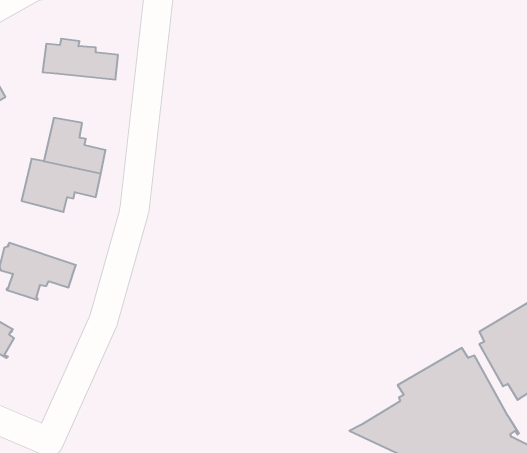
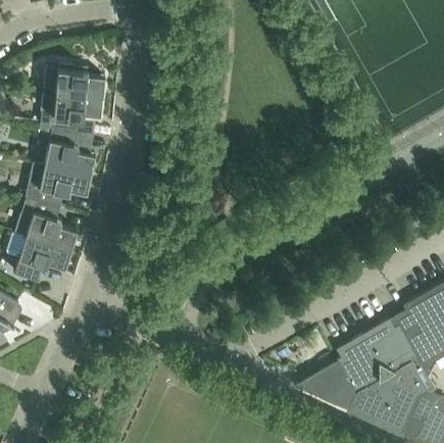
building: none -> [40,92,103,134]
building: none -> [15,198,77,251]

